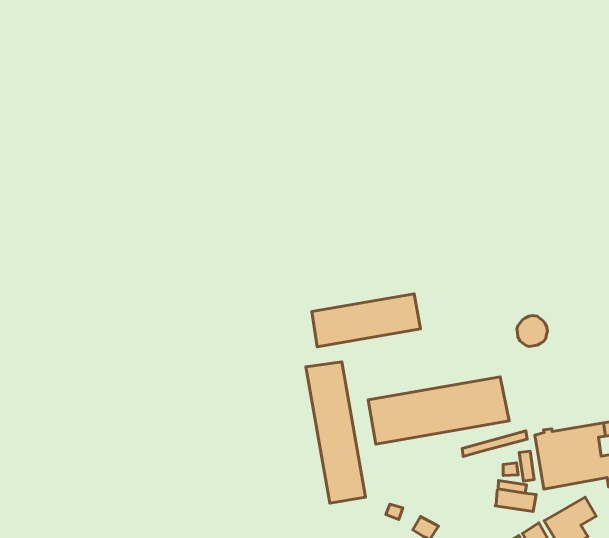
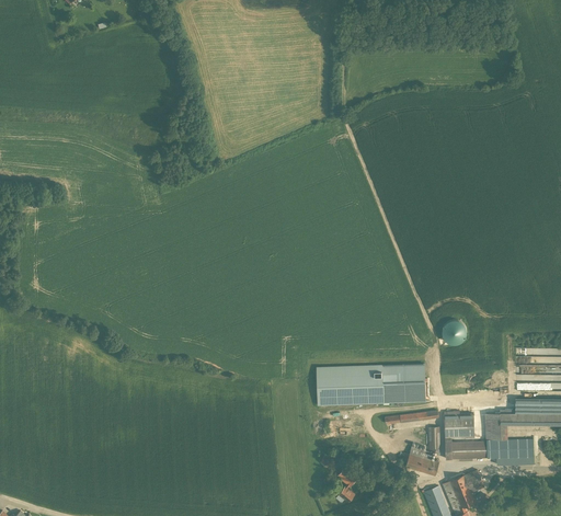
building: [312,294,420,347] -> none
building: [306,362,365,503] -> none

